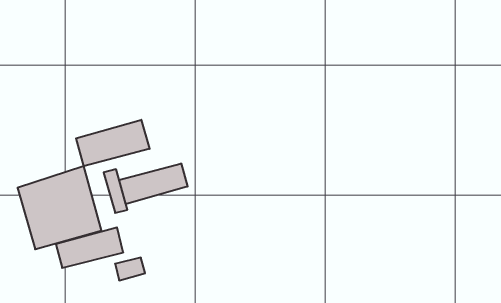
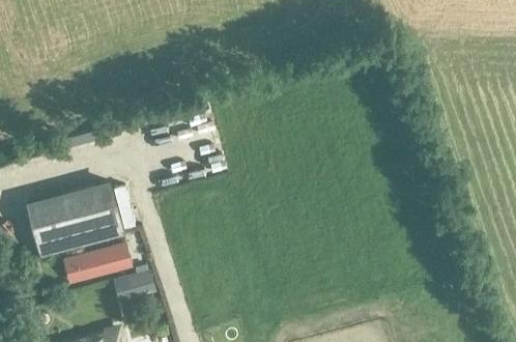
building: [76,120,150,166] -> none
building: [119,163,188,204] -> none

